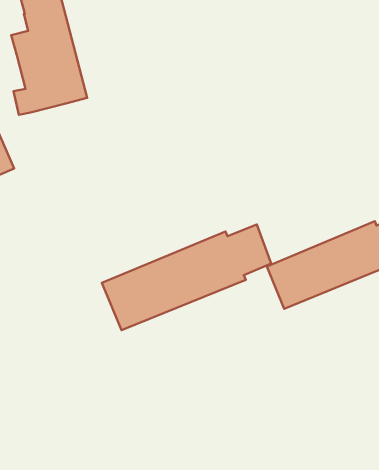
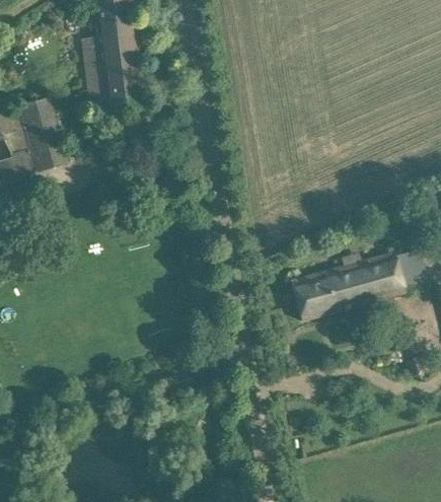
building: [102,225,271,330] -> none

